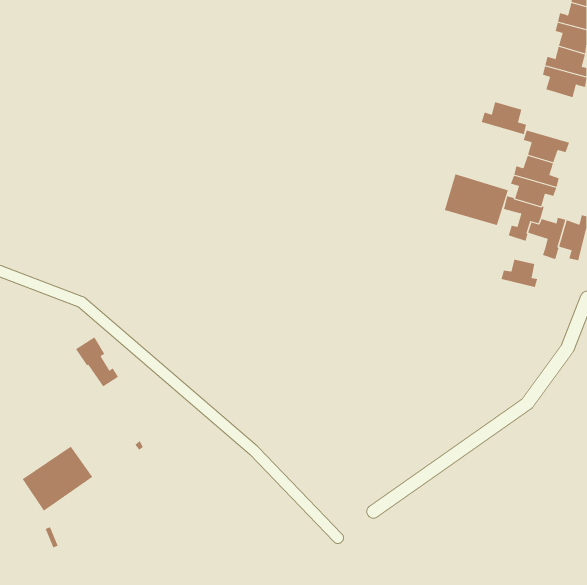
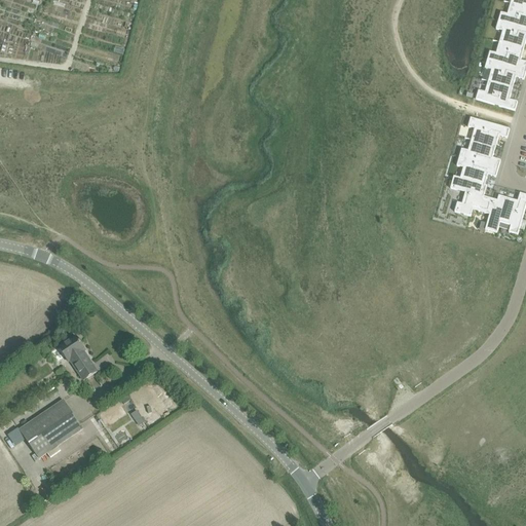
building: [481,101,527,135] -> [476,80,517,110]
building: [444,173,508,226] -> none
building: [501,259,538,288] -> none
building: [75,337,119,387] -> [59,334,98,379]

